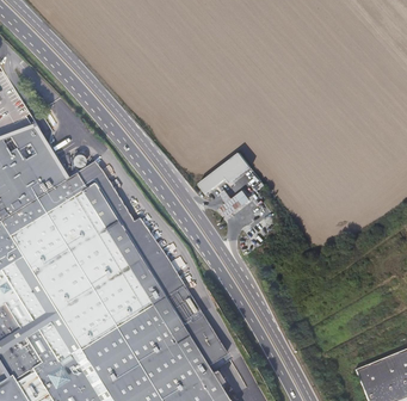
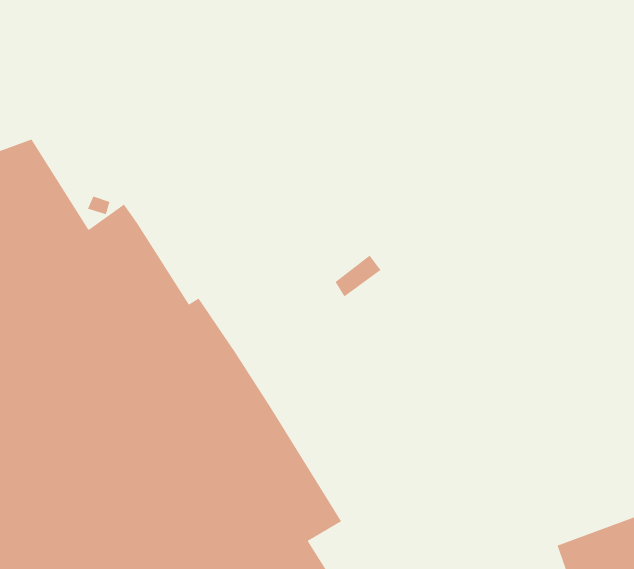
building: [201,153,253,193] -> none

